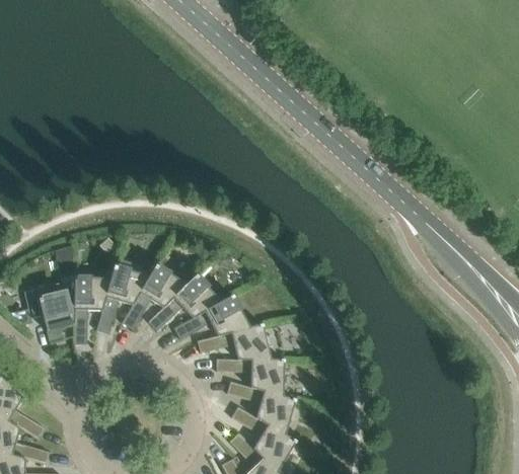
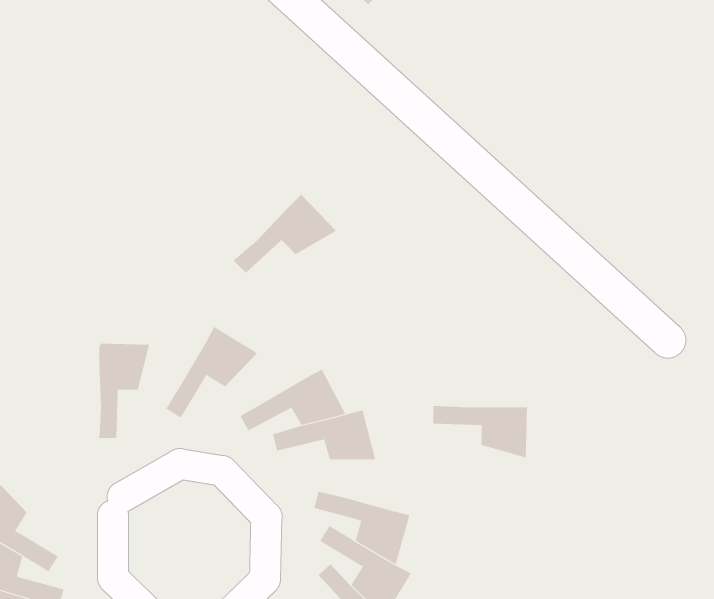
building: [96,264,150,333] -> none
building: [148,273,222,330] -> [233,194,337,273]
building: [24,279,75,342] -> none
building: [217,358,285,395] -> [432,405,528,458]

